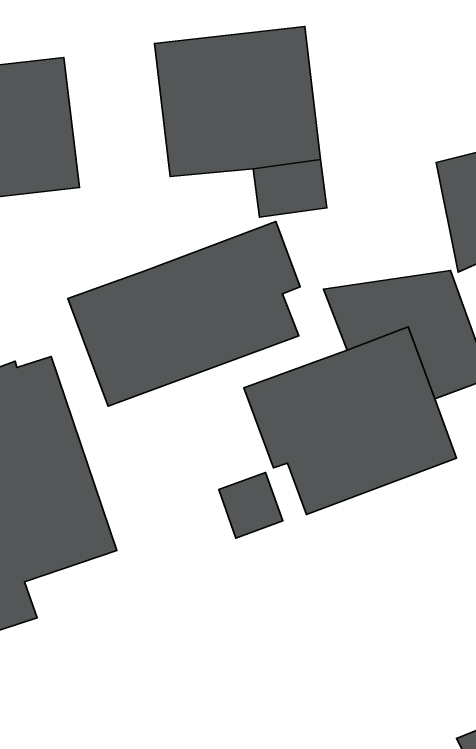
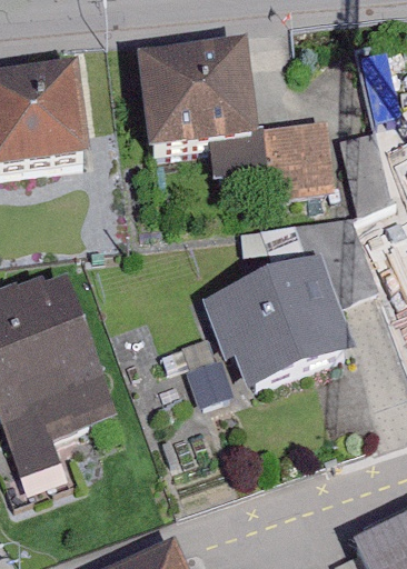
building: none -> [268,120,332,192]
building: [68,221,300,406] -> none

